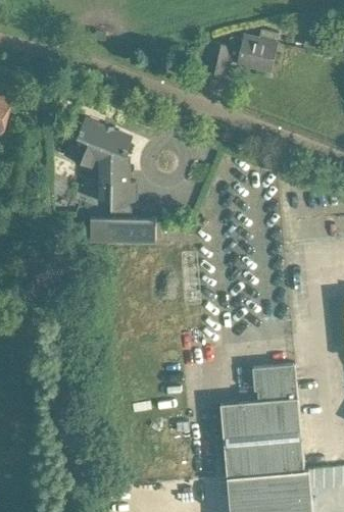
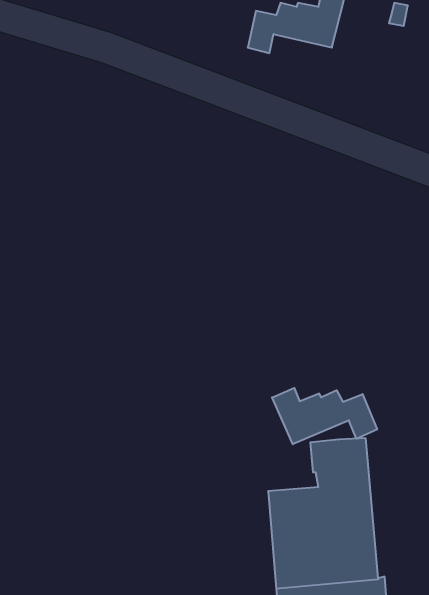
building: [64,118,154,244] -> none
building: none -> [272,388,377,444]

